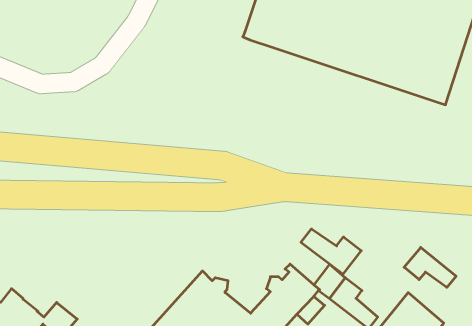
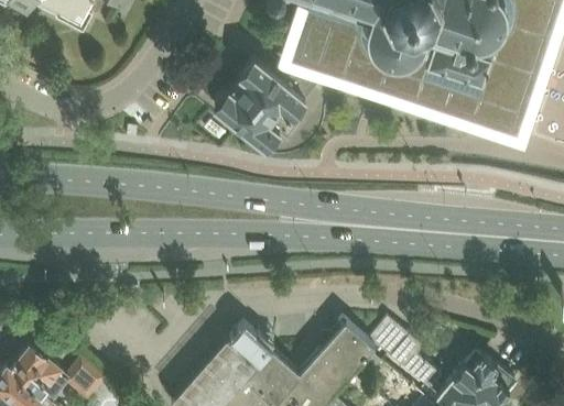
building: none -> [213,57,323,147]
building: [301,229,361,274] -> none
building: [404,247,456,287] -> none

